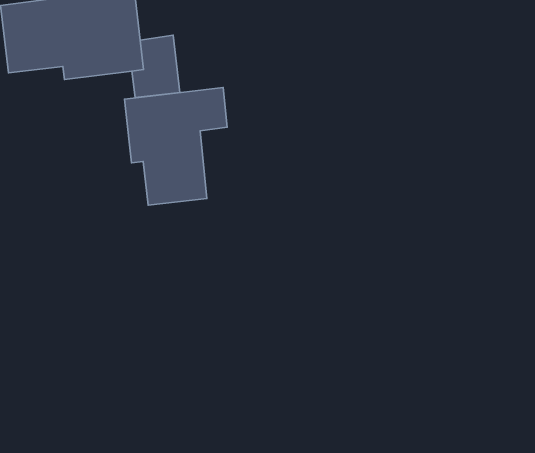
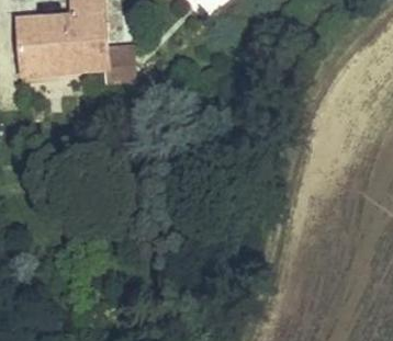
building: [125,88,227,205] -> none

